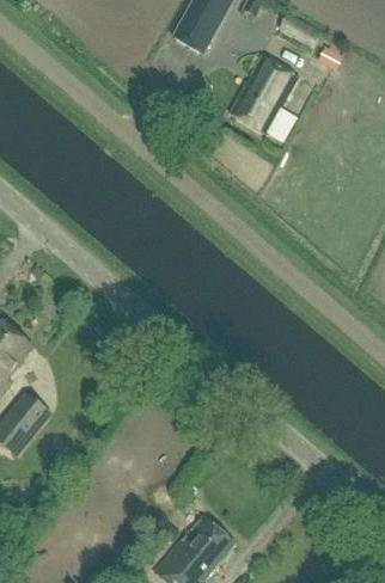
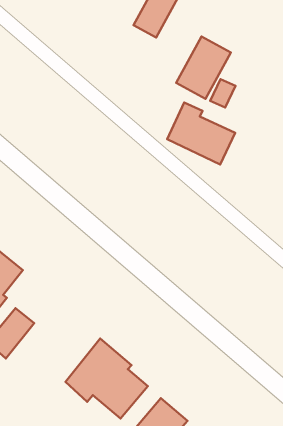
building: none -> [167,103,235,165]
building: none -> [65,338,148,419]

